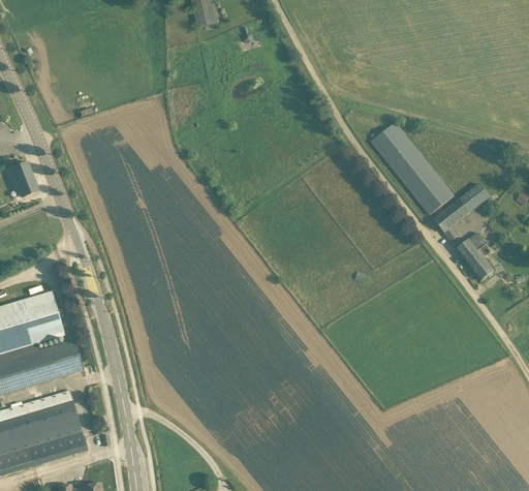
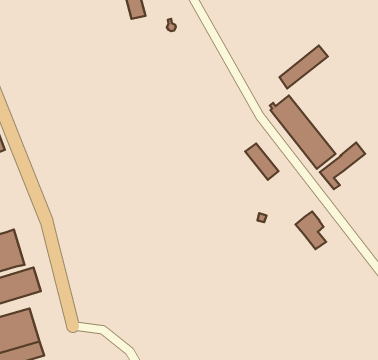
building: none -> [279,46,328,88]
building: none -> [245,143,279,180]
building: [457,232,495,279] -> [296,211,326,249]

